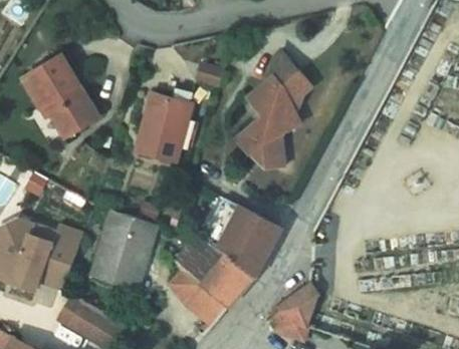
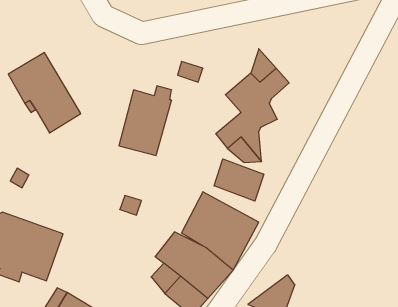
building: none -> [214,159,264,201]
building: [91,211,156,291] -> none

